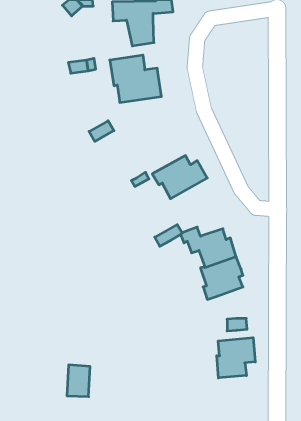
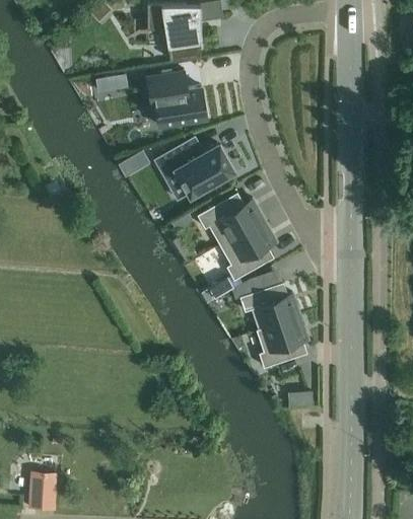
building: none -> [154,140,232,196]
building: none -> [219,220,276,280]
building: [217,338,255,378] -> none
building: [67,365,90,397] -> [28,471,57,510]

